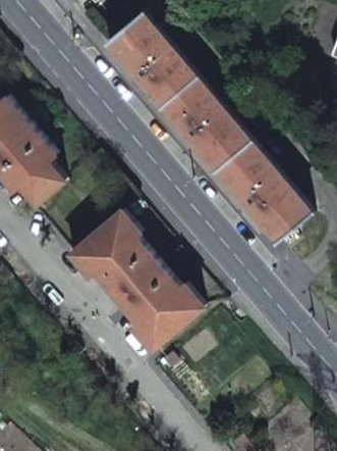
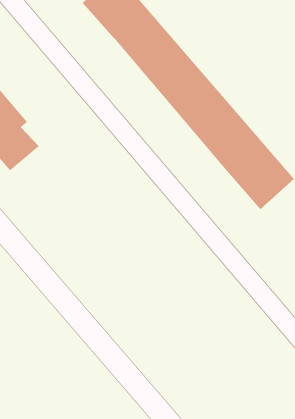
building: [68,212,201,350] -> none

